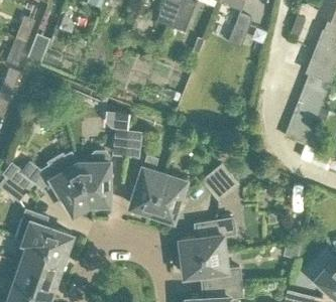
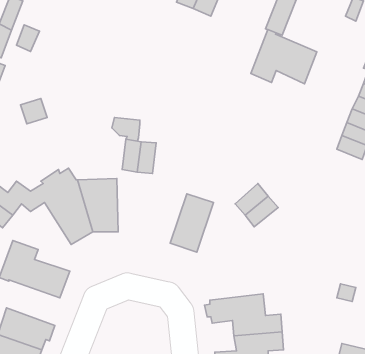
building: none -> [251,30,317,84]
building: [130,154,164,212] -> none
building: [177,218,234,258] -> none
building: [21,242,65,278] -> none

